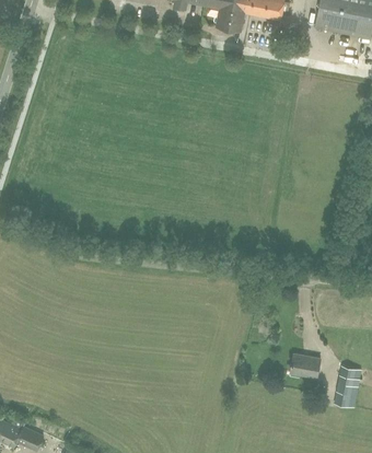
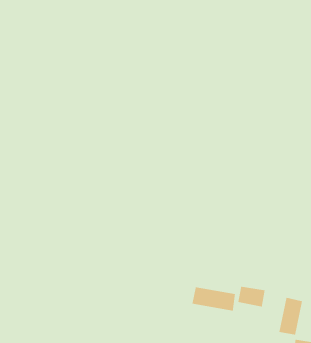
building: none -> [192,287,236,312]

